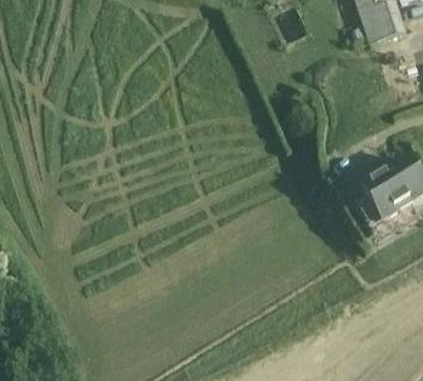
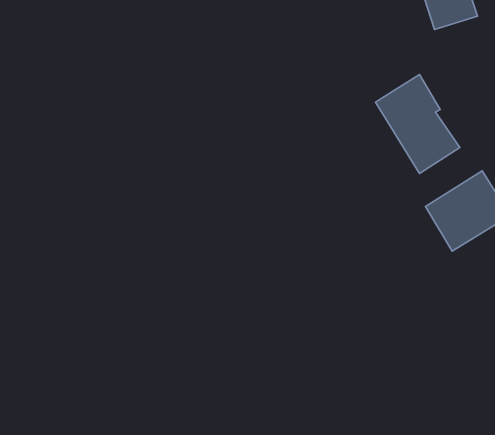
building: none -> [376,75,460,173]

